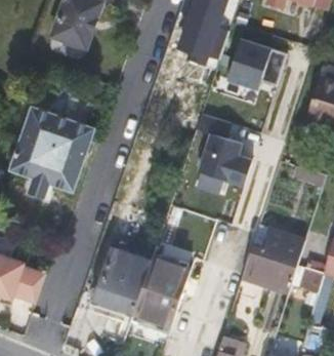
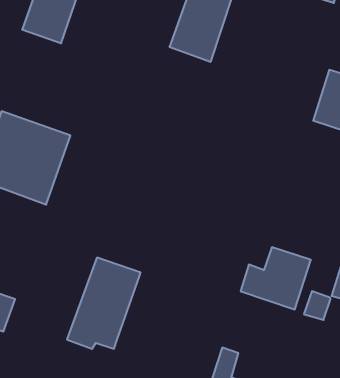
building: [228,40,288,90] -> none
building: [196,115,250,186] -> none
building: [132,254,191,328] -> none

